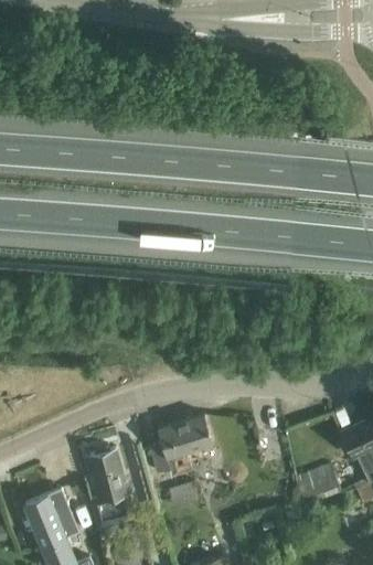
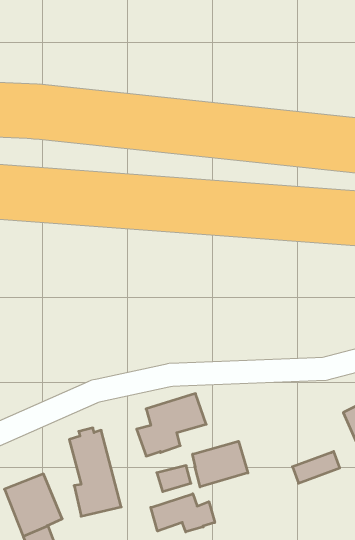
building: none -> [193,441,248,487]
building: none -> [151,494,215,532]

